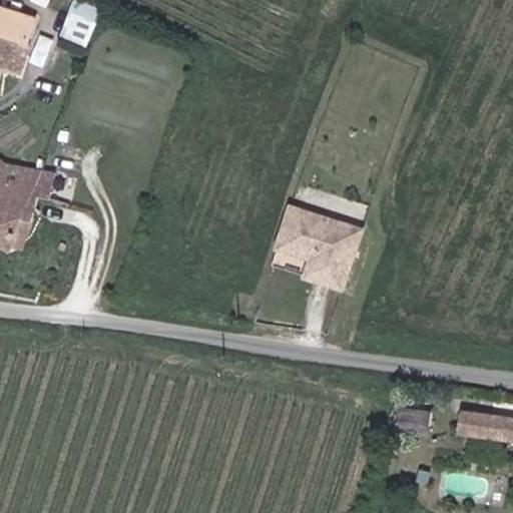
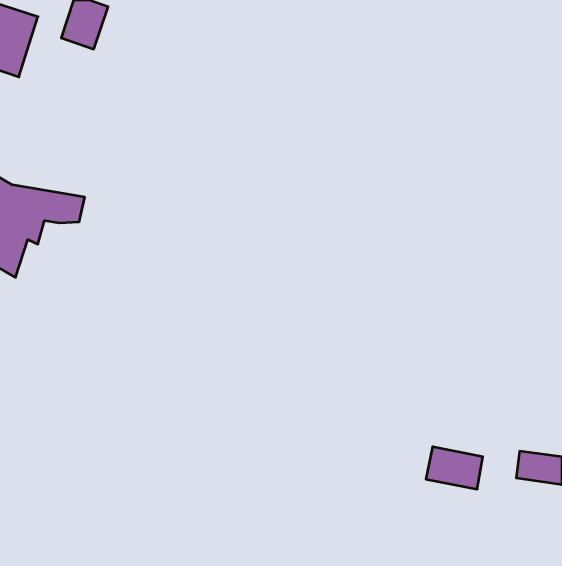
building: [279,205,361,281] -> none

